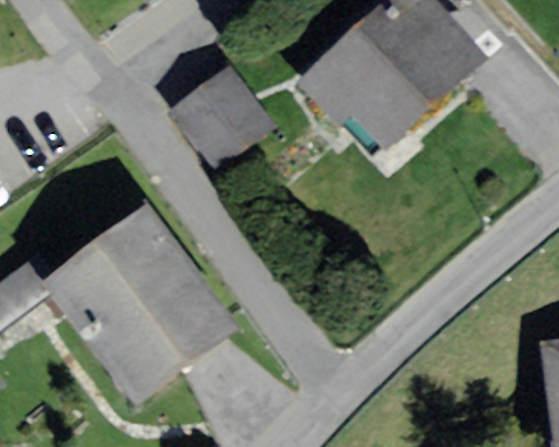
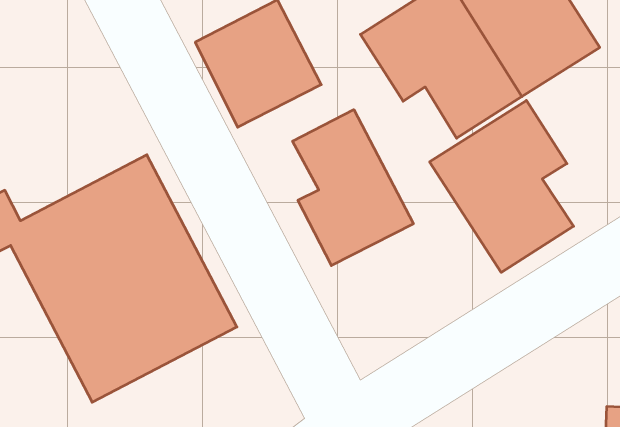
building: none -> [430,100,574,272]
building: none -> [293,110,413,266]

